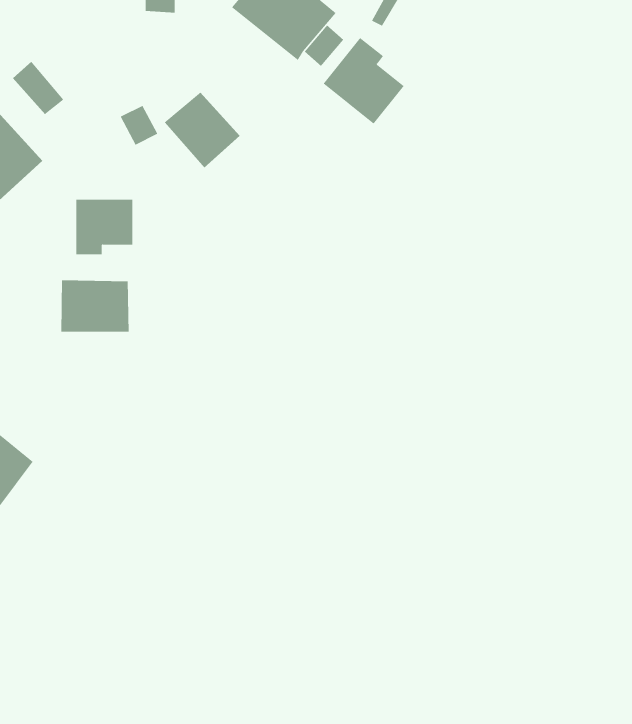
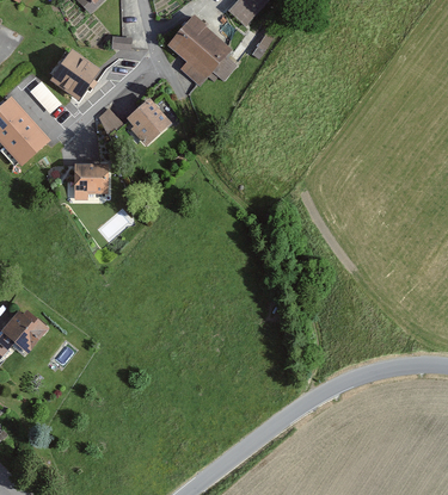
building: none -> [49,50,99,100]
building: [323,37,404,124] -> none
building: [61,279,129,333] -> none

